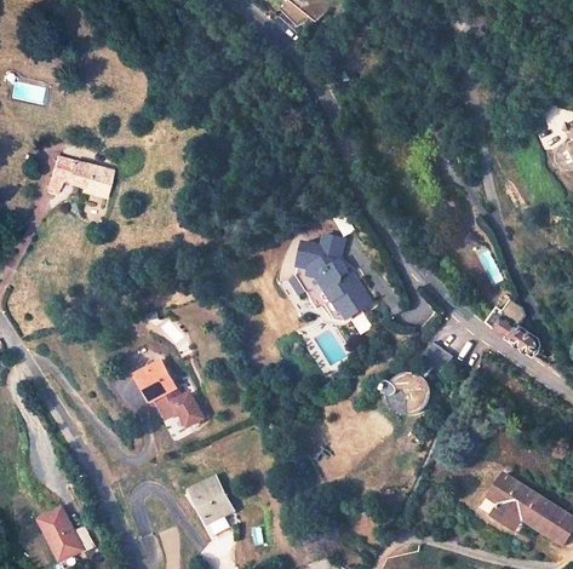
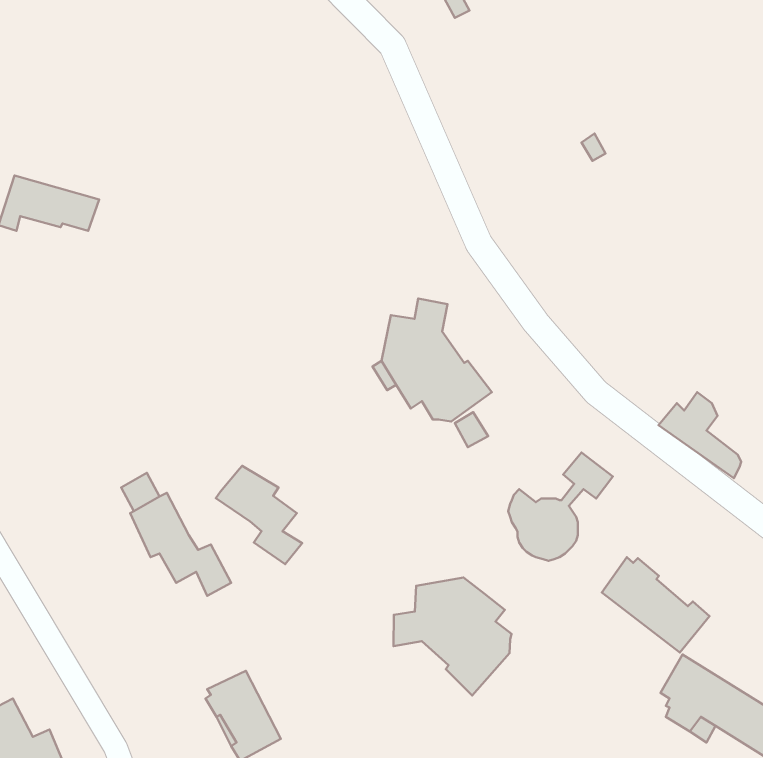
building: none -> [216,466,302,564]
building: none -> [602,557,710,652]
building: none -> [393,577,511,695]

